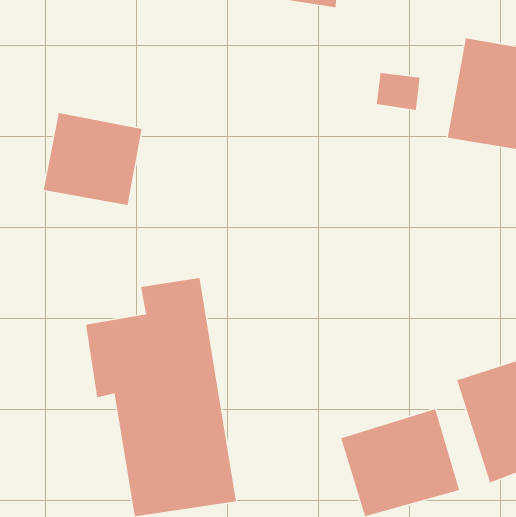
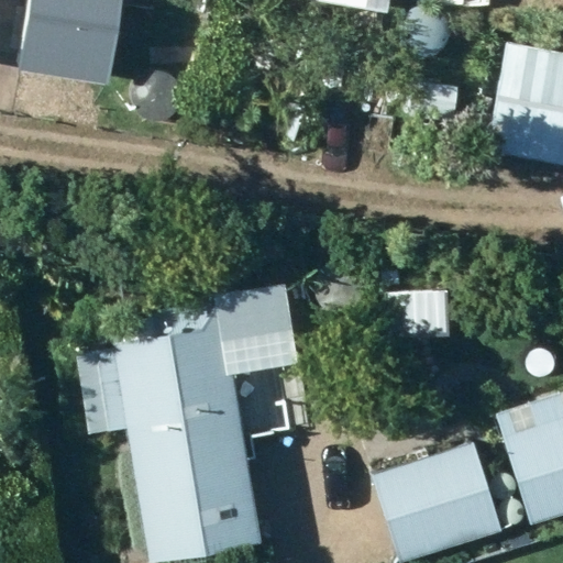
building: [43,112,143,206] -> [12,12,120,113]

